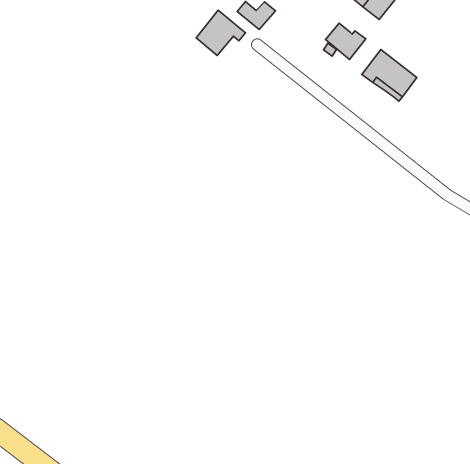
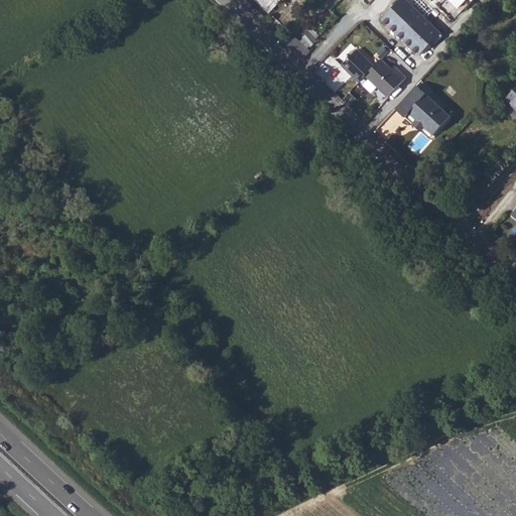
building: [196,10,246,56] -> none
building: none -> [340,45,372,79]

